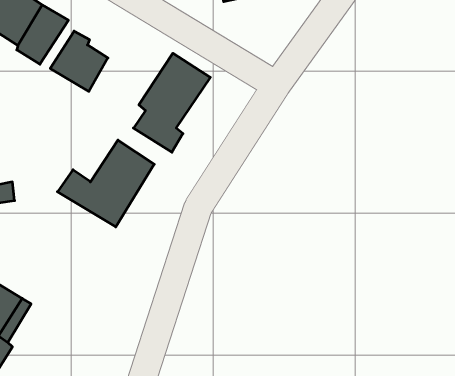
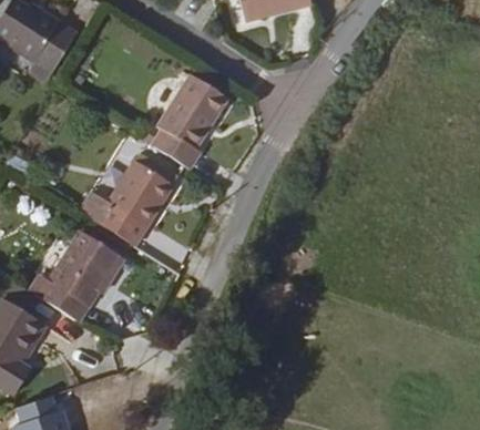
building: [50,31,108,91] -> none
building: none -> [31,228,126,321]

